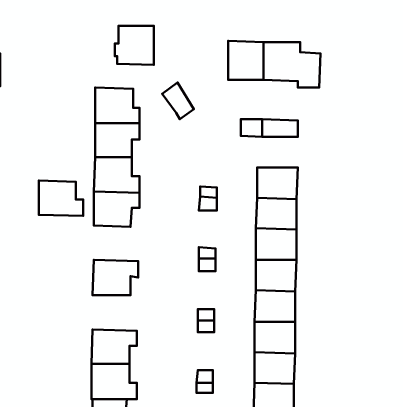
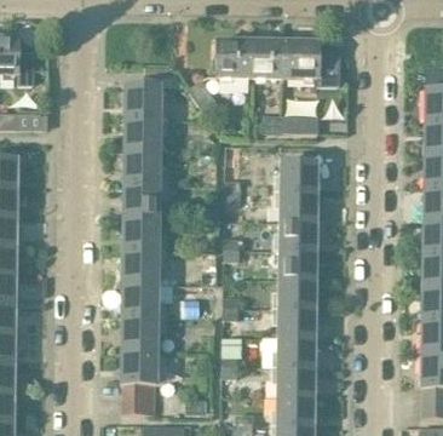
building: [115,26,154,65] -> [214,41,252,79]
building: [39,181,83,216] -> [123,218,166,252]
building: none -> [122,285,165,319]

